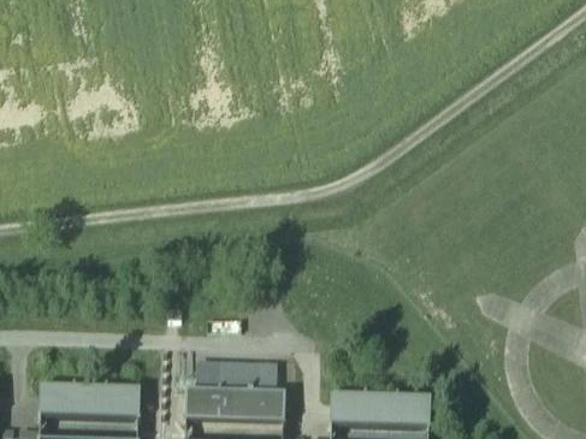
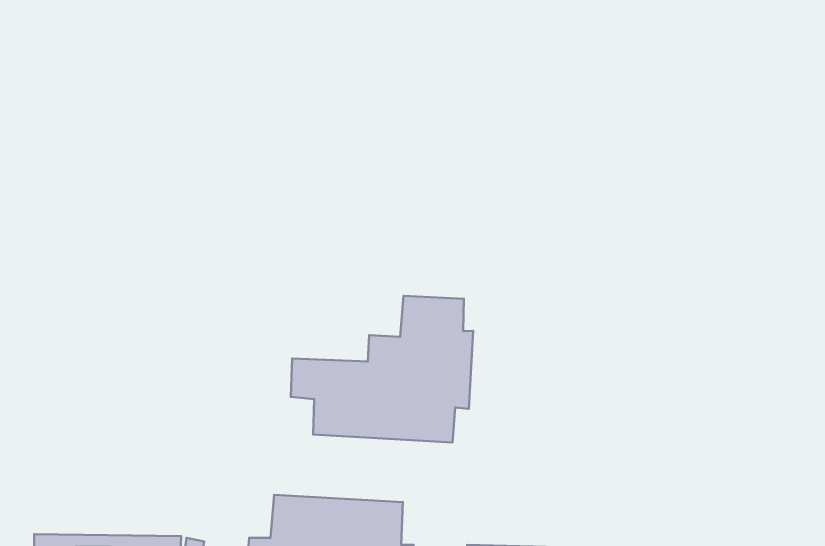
building: none -> [291,296,473,443]

